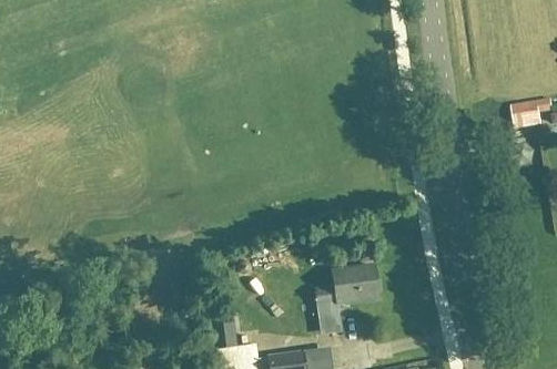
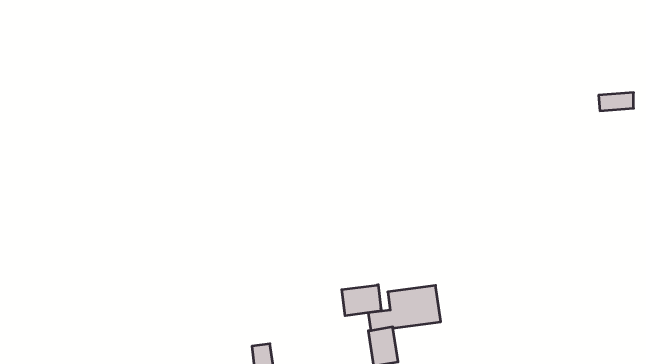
building: none -> [342,285,382,316]

